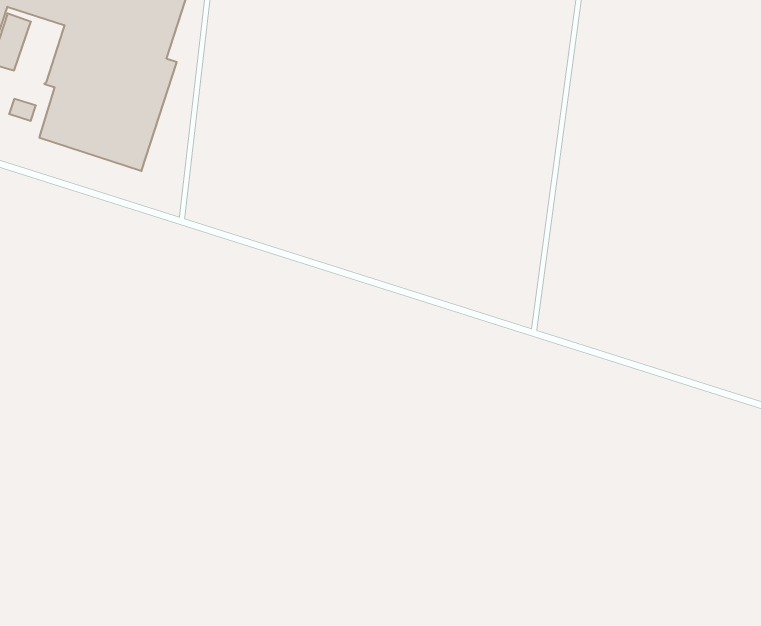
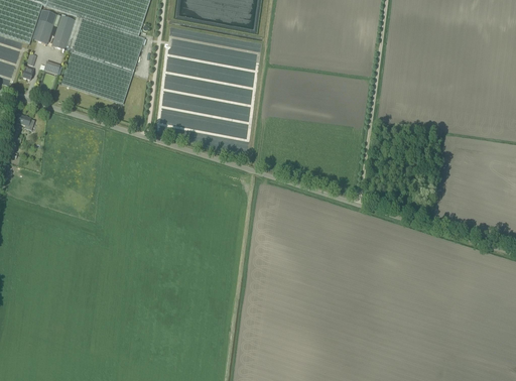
building: none -> [49,15,74,50]

